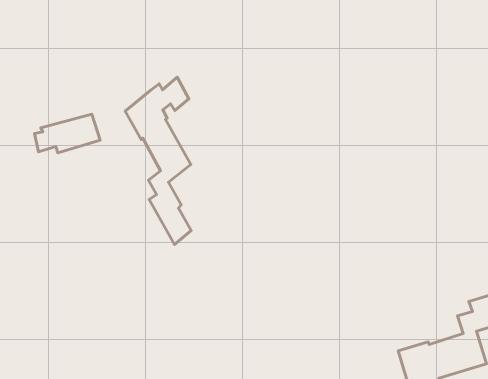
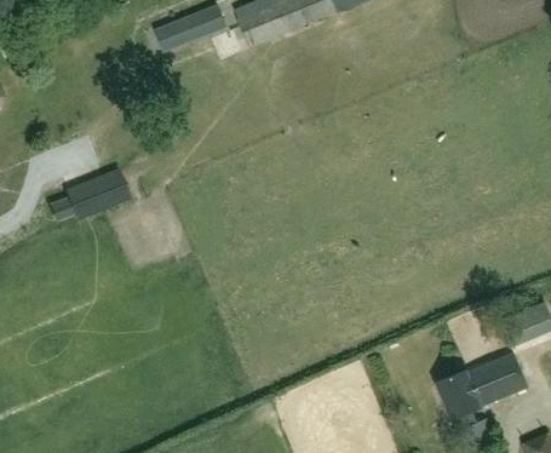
building: [125,77,191,244] -> none

